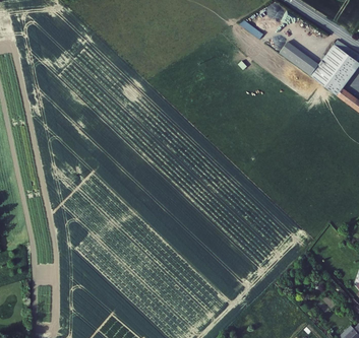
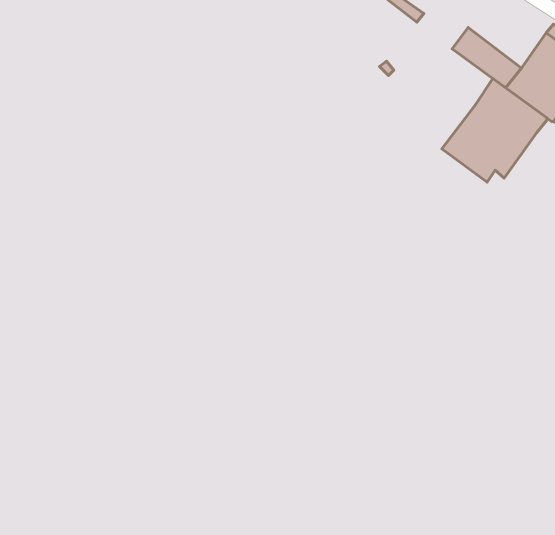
building: none -> [442,78,547,182]

